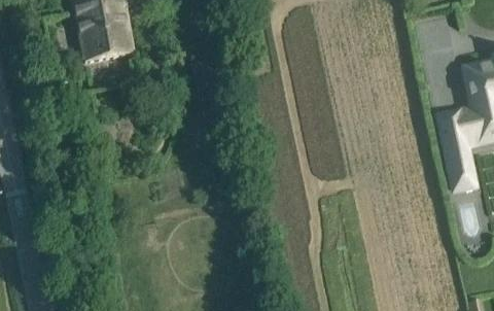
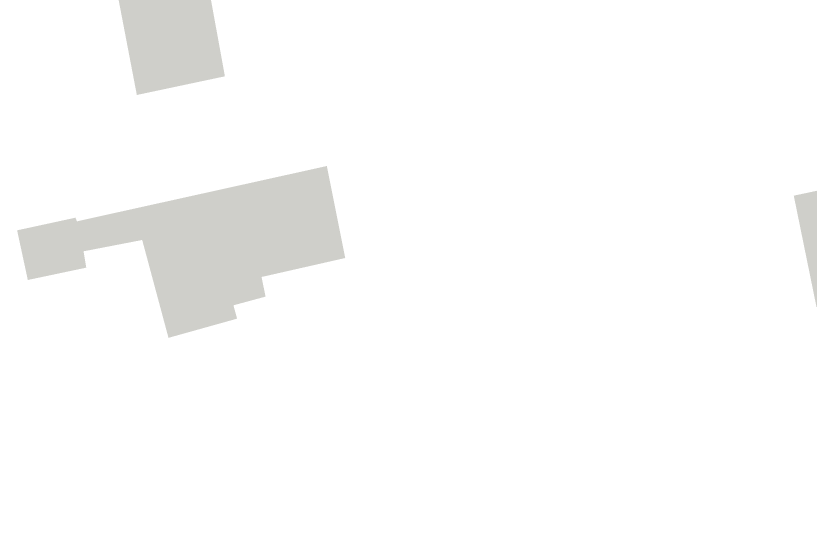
building: none -> [16,165,346,339]

